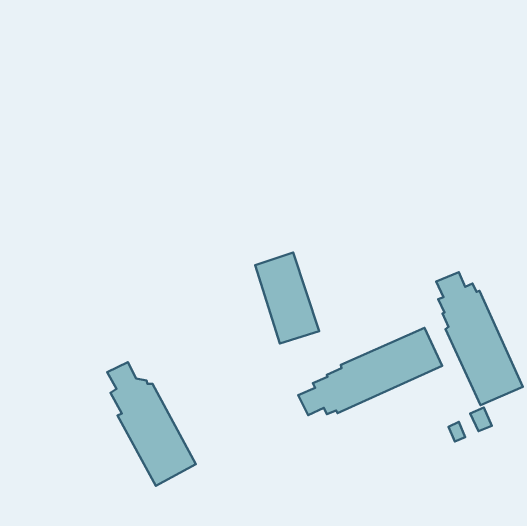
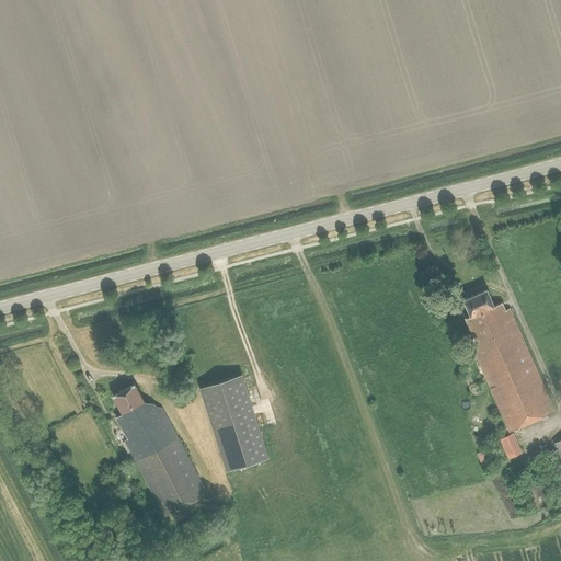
building: [255,253,319,343] -> [201,375,268,471]
building: [298,328,442,415] -> none

